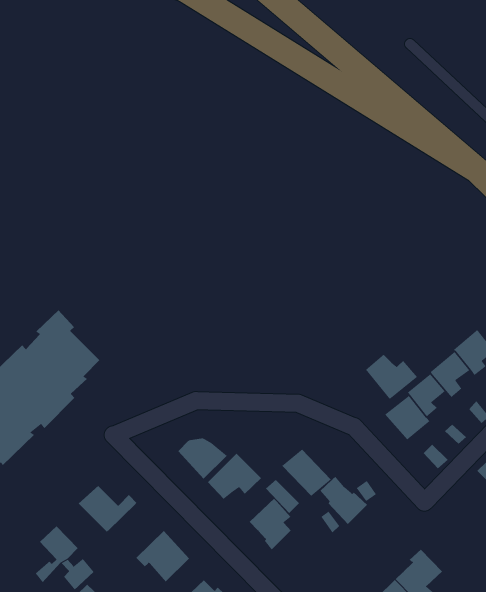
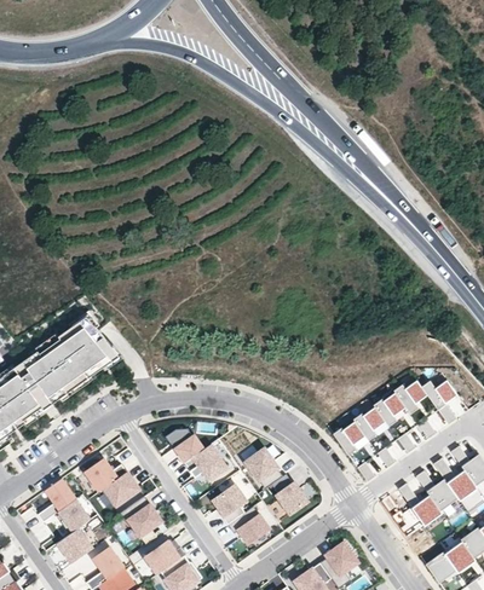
building: [365,354,418,400] -> none
building: none -> [102,473,139,508]
building: none -> [227,507,270,544]

